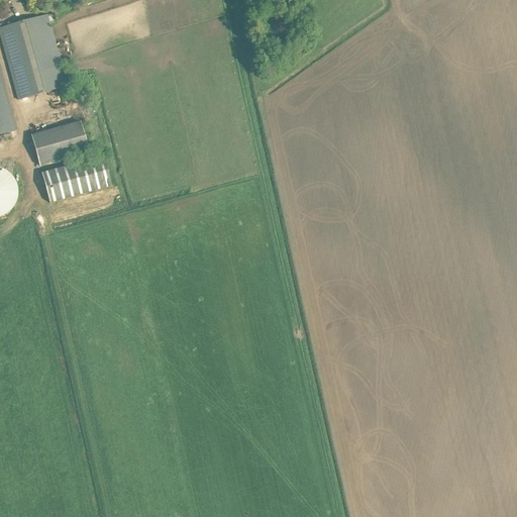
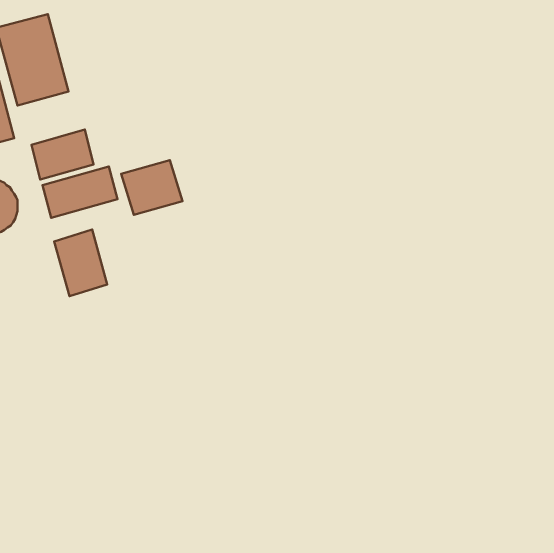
building: none -> [121,160,182,215]
building: none -> [54,230,107,296]

